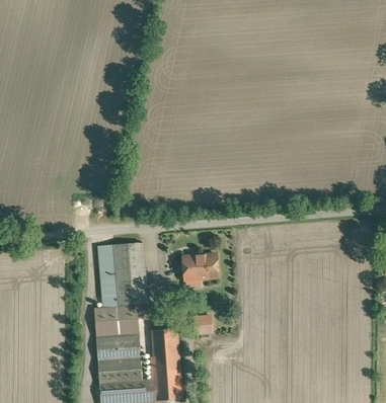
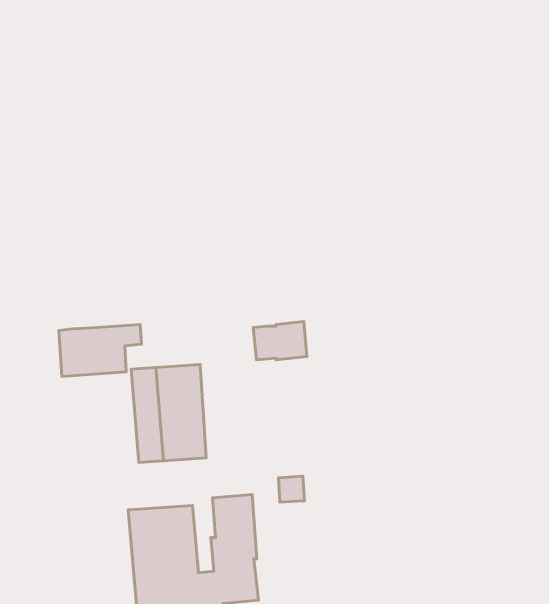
building: [182,253,218,278] -> [253,321,307,360]
building: [93,304,148,338] -> [59,324,142,376]

